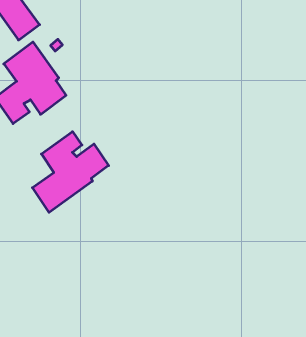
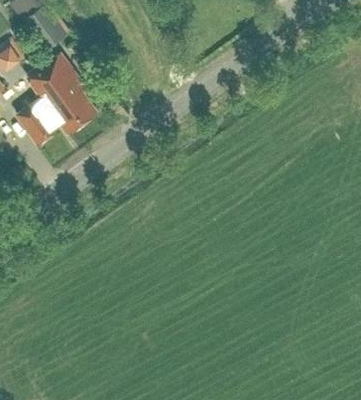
building: [32,132,109,212] -> none

